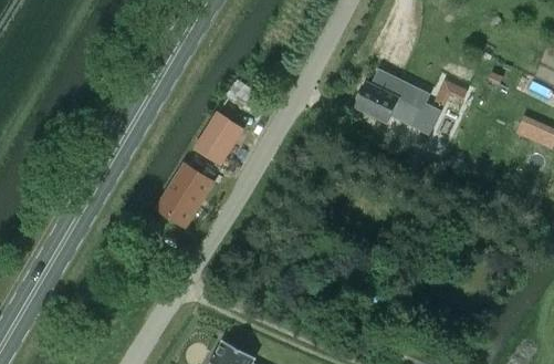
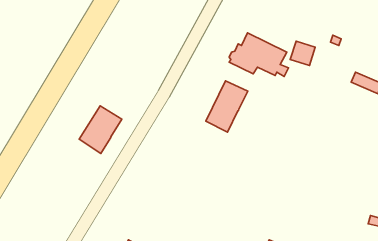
building: [195,112,244,165] -> none
building: none -> [206,81,248,132]

